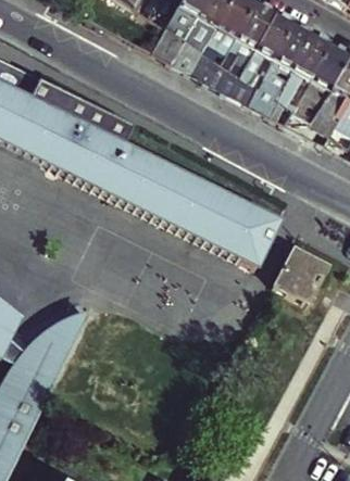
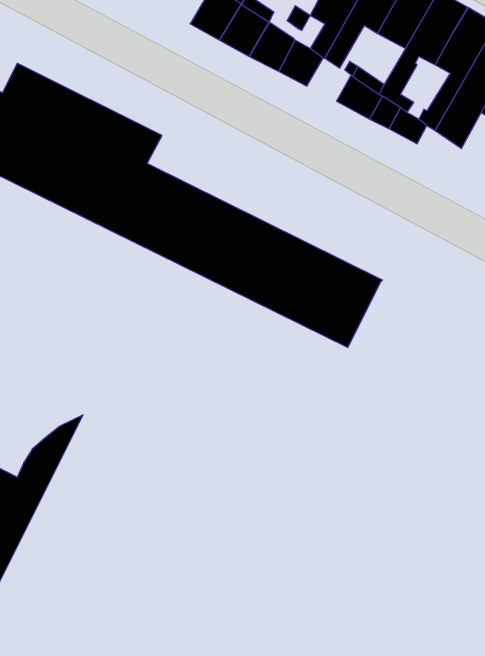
building: [276,246,329,302] -> none

